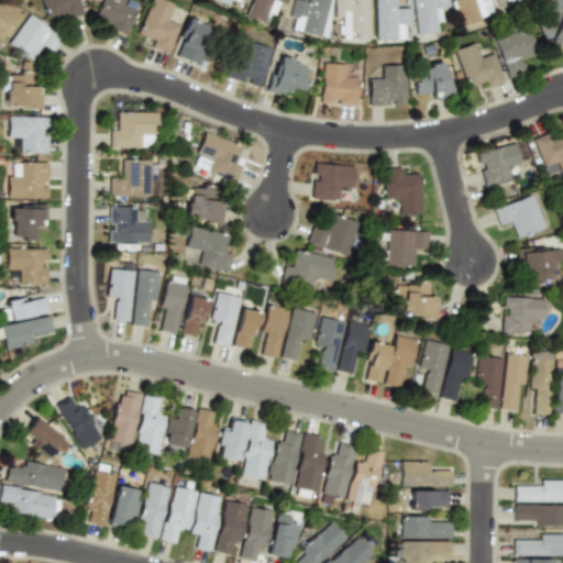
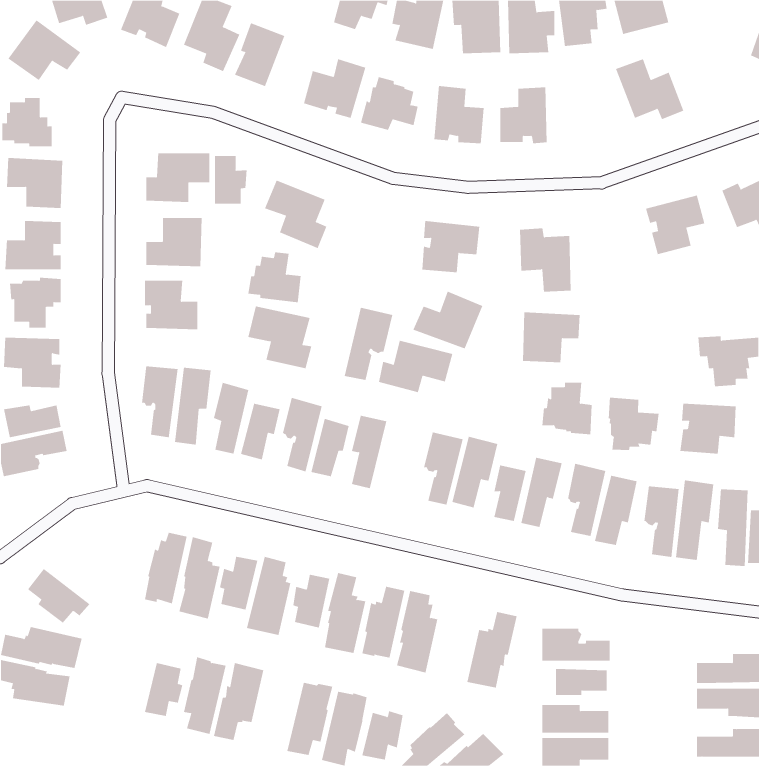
building: [497,27,541,78] -> none
building: [415,62,460,100] -> none
building: none -> [215,155,247,205]
building: [496,195,547,239] -> none
building: none -> [608,397,659,451]
building: [282,307,318,361] -> [344,307,393,381]
building: [58,396,103,448] -> none
building: [323,443,356,496] -> none
building: [87,470,119,527] -> none
building: [191,492,223,551] -> none

